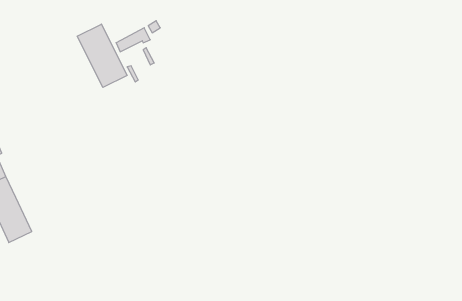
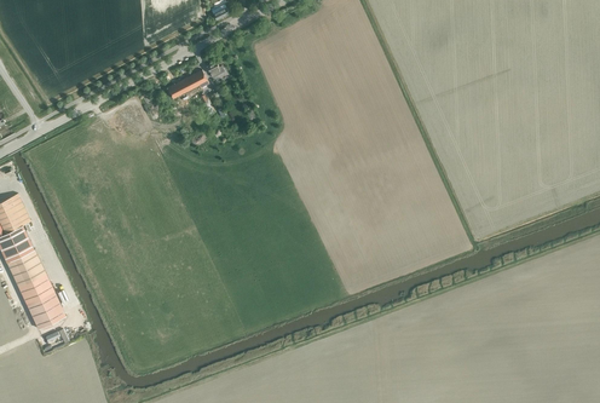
building: [77,24,127,87] -> none

